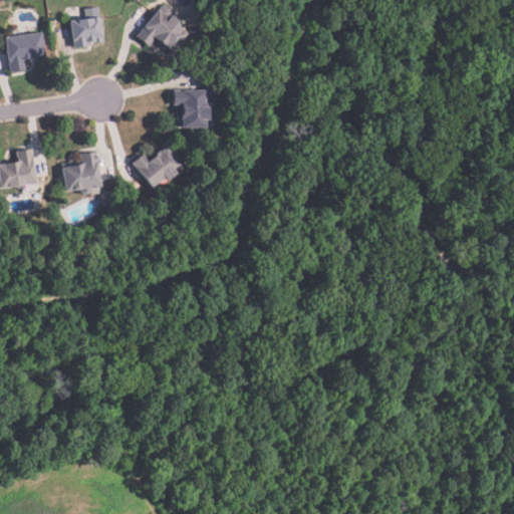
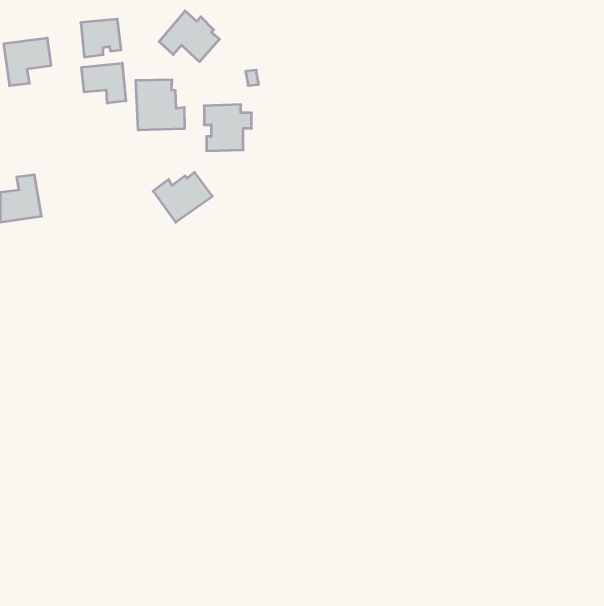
building: none -> [82,63,126,103]
building: none -> [136,80,184,130]
building: [62,151,101,194] -> none

